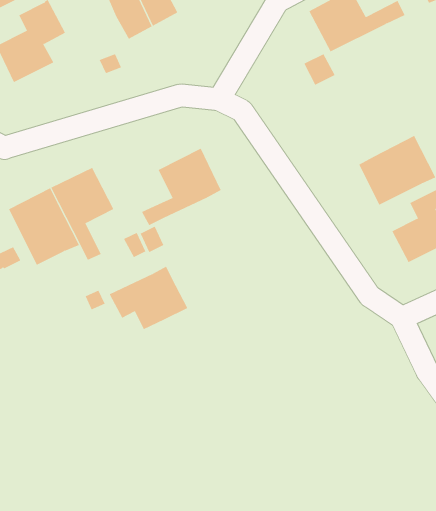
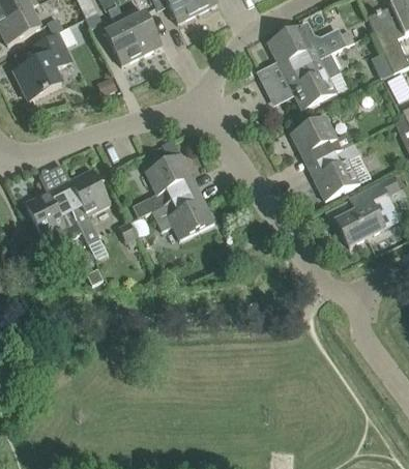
building: none -> [285,52,340,109]
building: none -> [290,114,353,166]
building: [109,266,188,330] -> [150,186,214,238]

